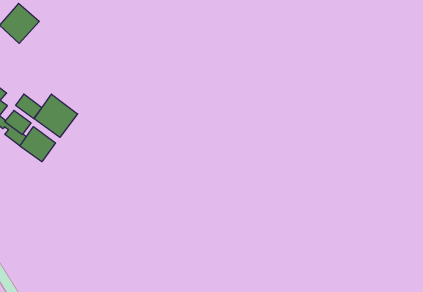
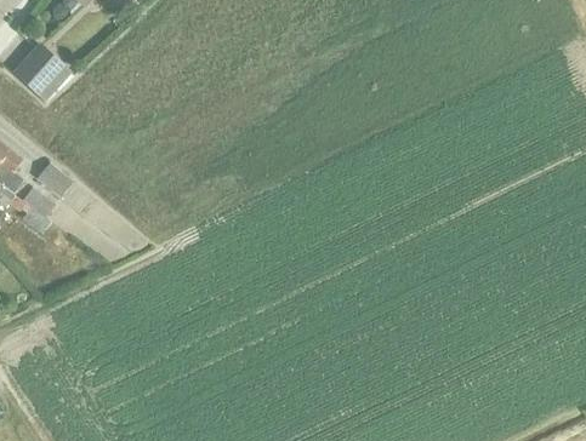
building: [34,94,78,137] -> none
building: [20,127,56,162] -> none

